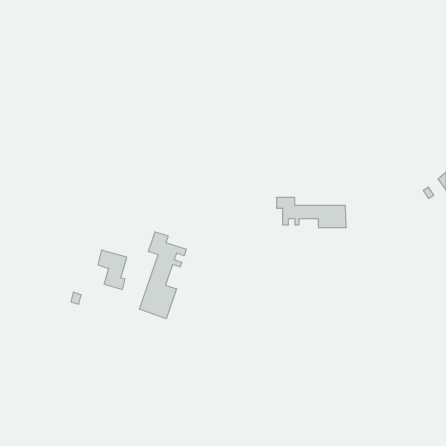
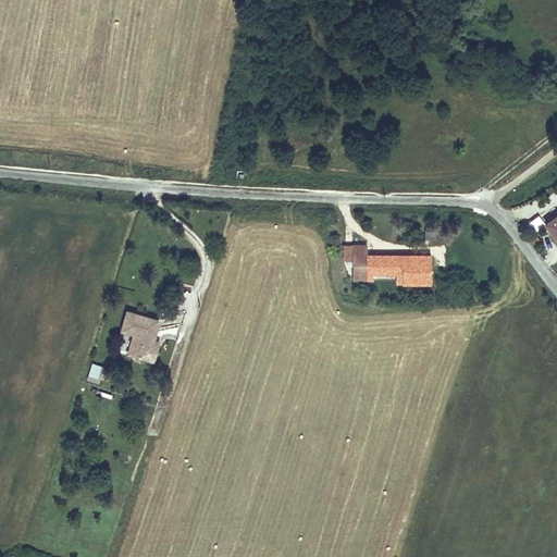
building: [139,232,186,319] -> none

